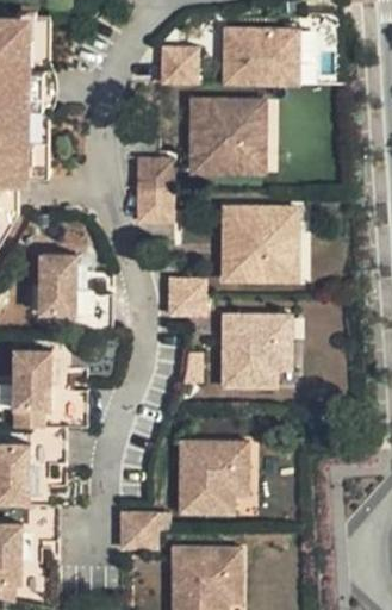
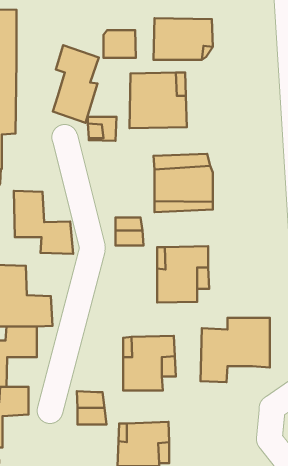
building: none -> [53,45,99,123]
building: [133,185,168,222] -> none
building: none -> [201,318,270,382]

